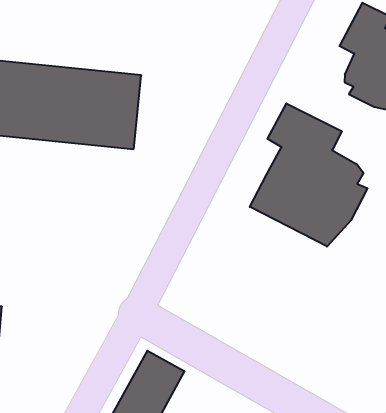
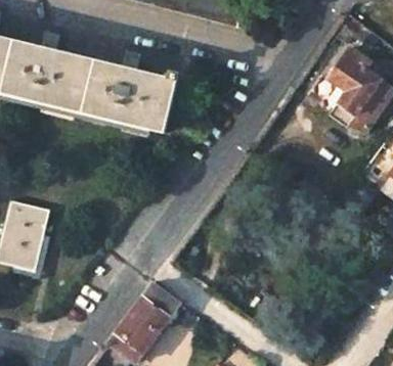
building: [250,103,367,247] -> none

